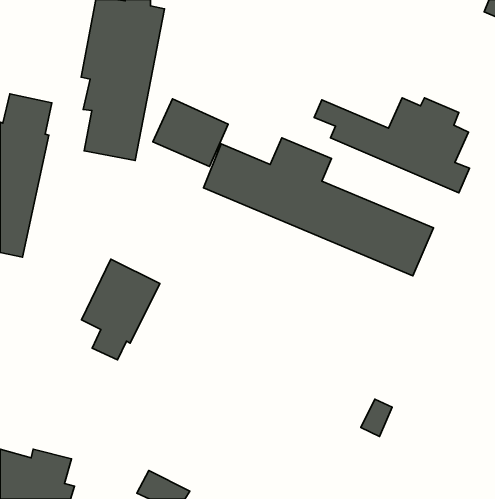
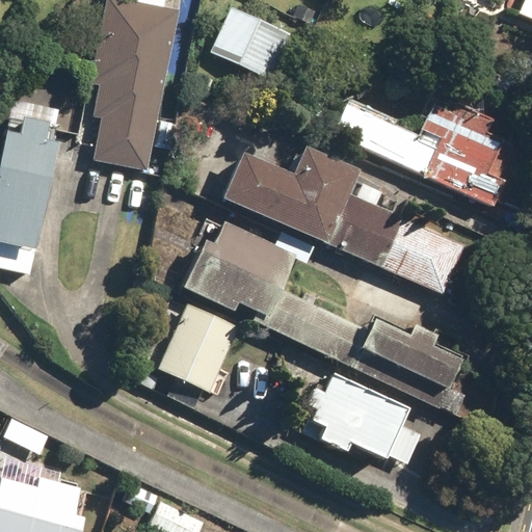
building: [153,99,228,166] -> [211,6,291,78]
building: none -> [185,222,466,414]
building: [81,259,160,360] -> [157,302,240,409]
building: none -> [304,371,407,456]

